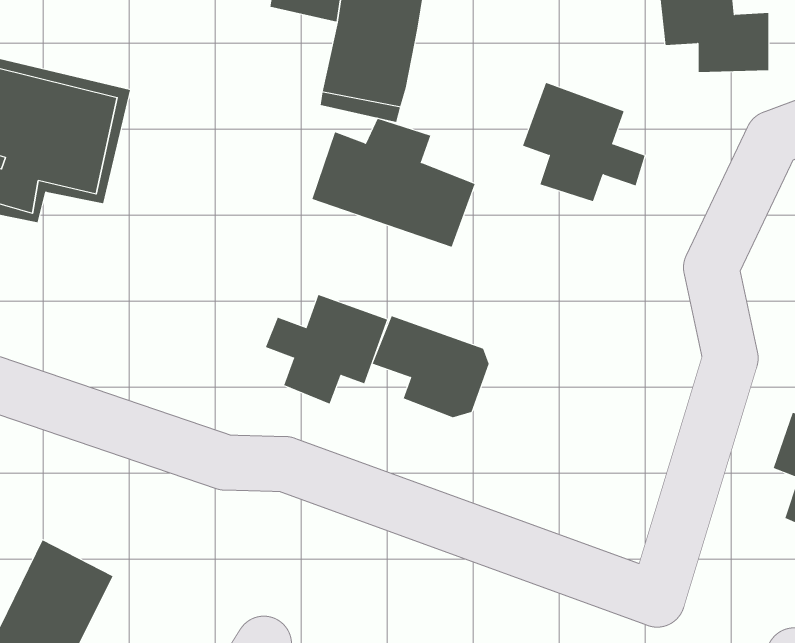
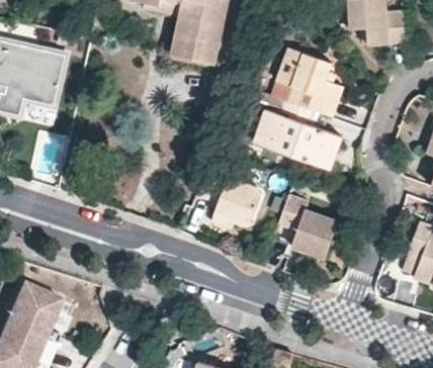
building: [311,118,475,247] -> [251,101,337,169]
building: [265,294,388,405] -> none
building: none -> [278,195,336,258]

